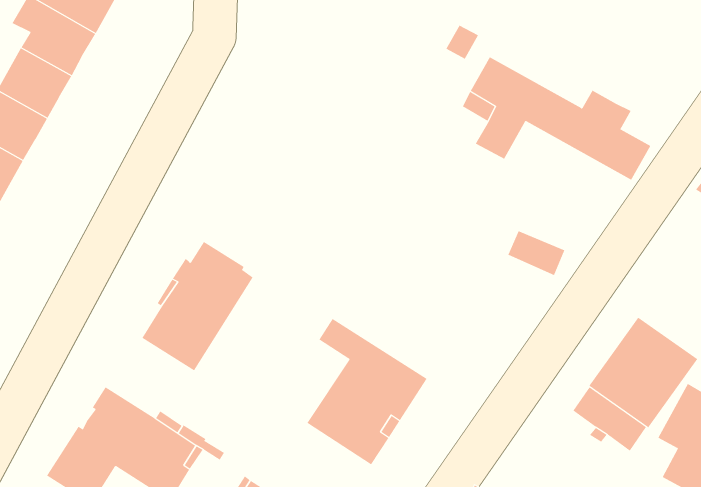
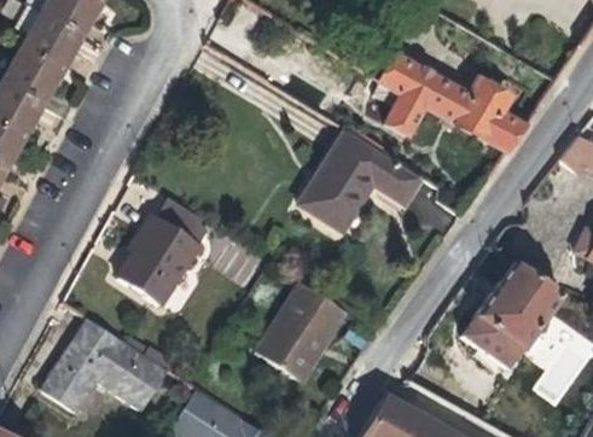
building: none -> [300,132,420,232]

